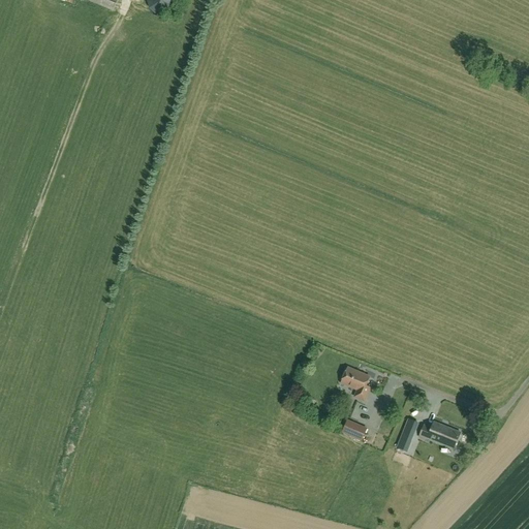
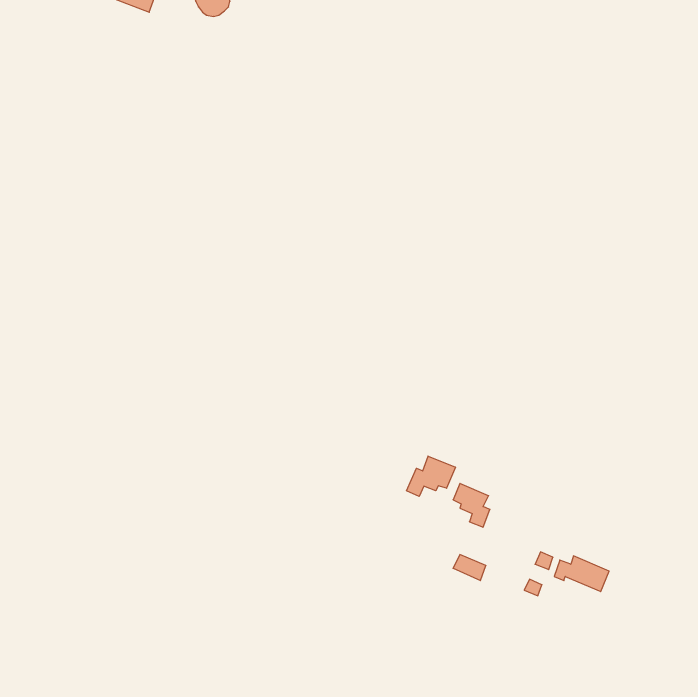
building: none -> [406,456,455,496]

